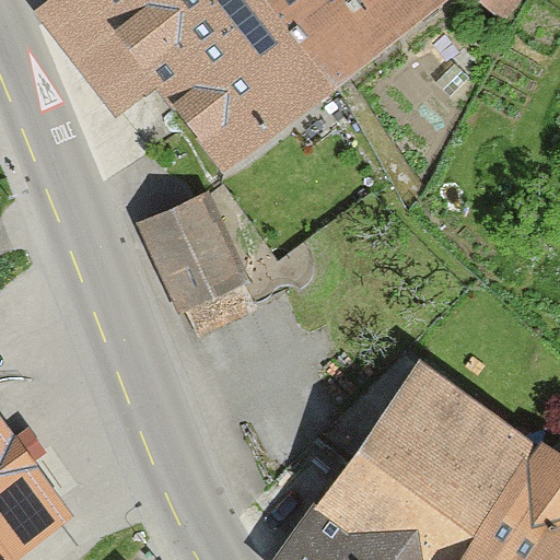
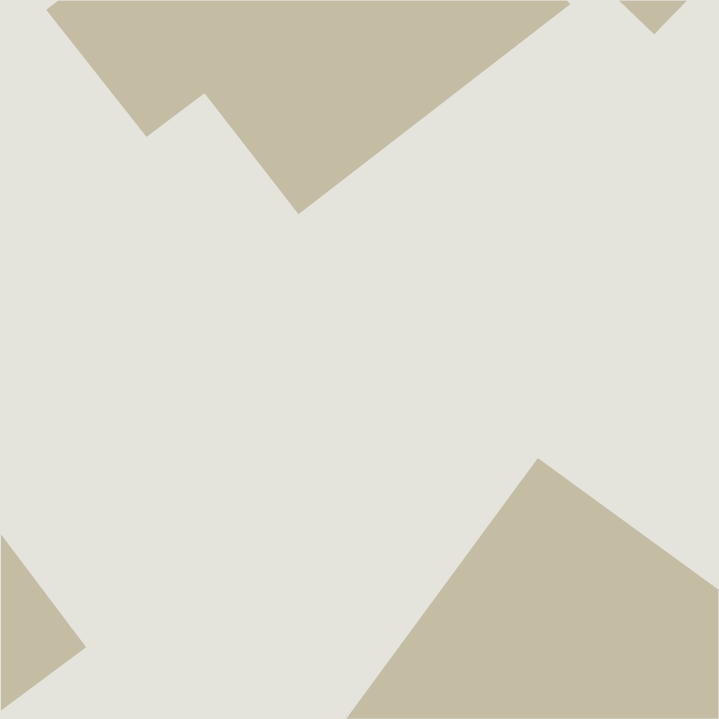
building: [138,189,250,315] -> none

